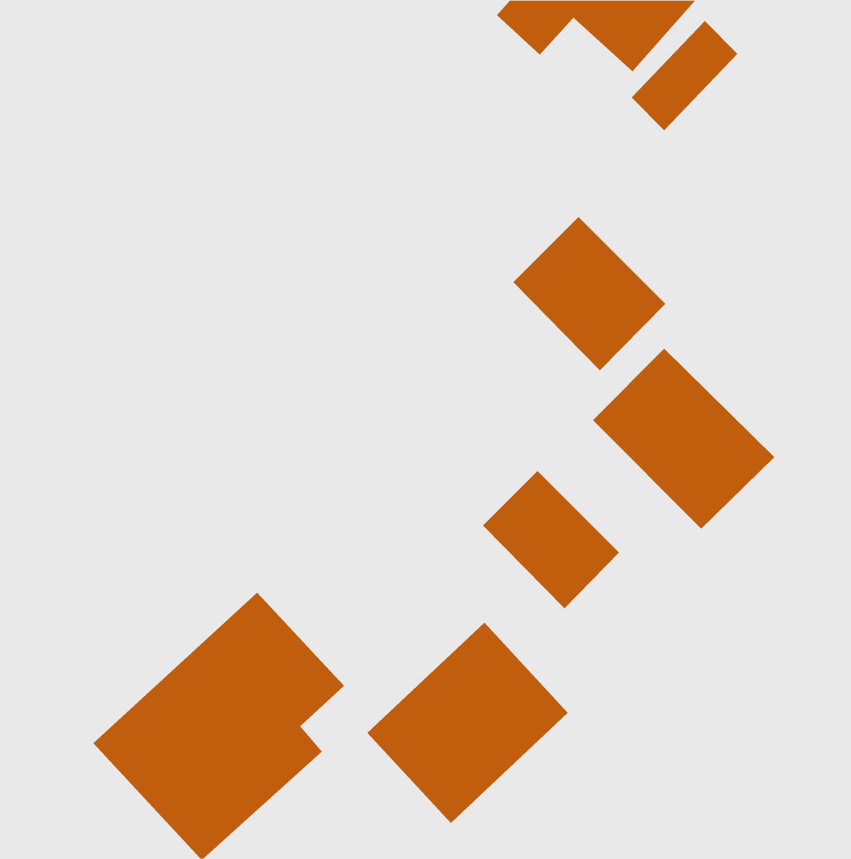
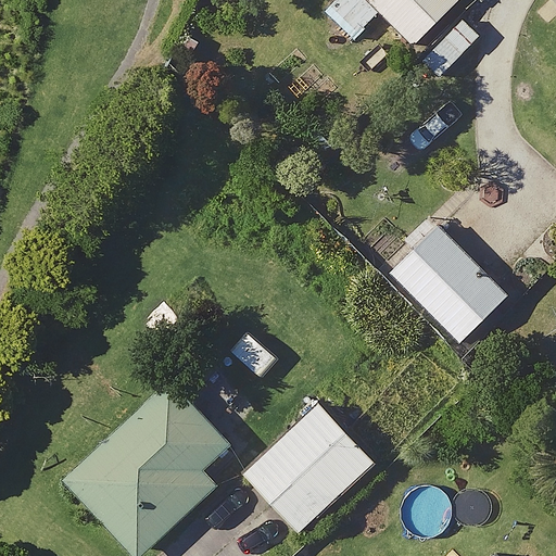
building: [512,216,666,371] -> none
building: [482,470,620,609] -> none

